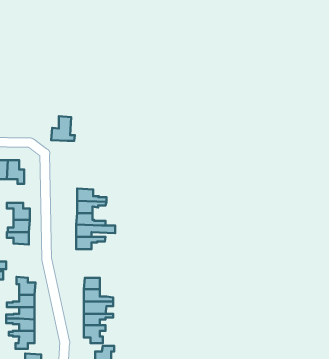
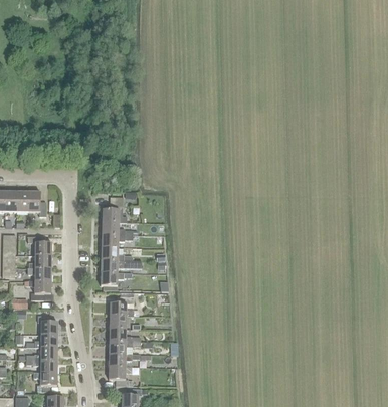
building: [51,116,75,141] -> [102,196,127,222]
building: none -> [24,279,50,299]
building: none -> [110,295,134,316]

